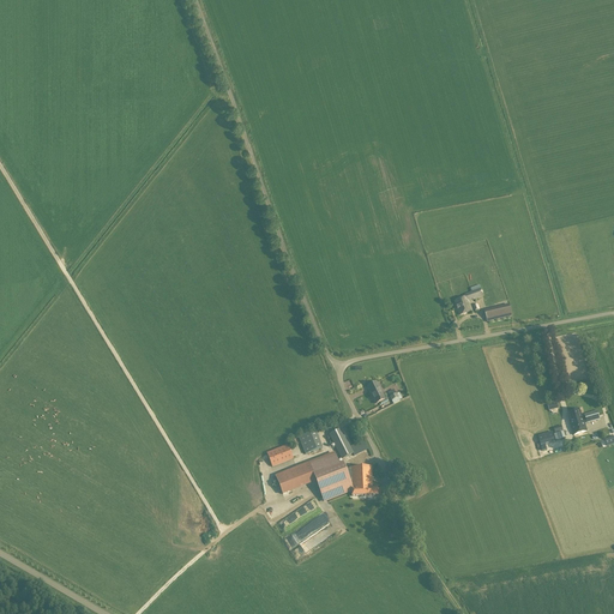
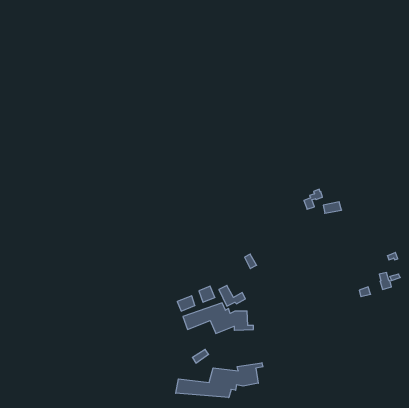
building: none -> [176,363,263,398]

